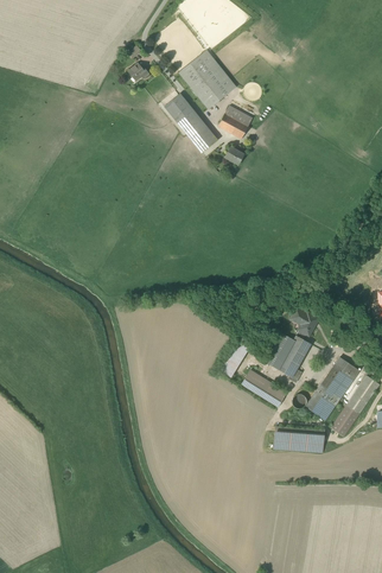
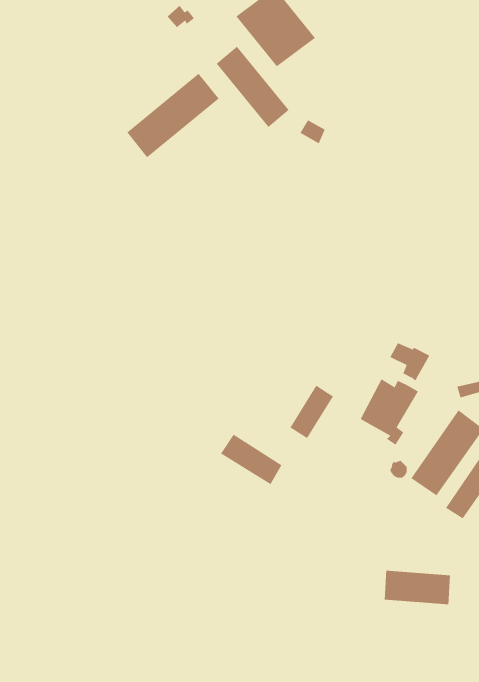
building: [218,104,252,138] -> none
building: none -> [126,73,219,158]
building: [241,369,286,406] -> [220,434,282,485]
building: [274,426,323,451] -> [384,570,451,605]

